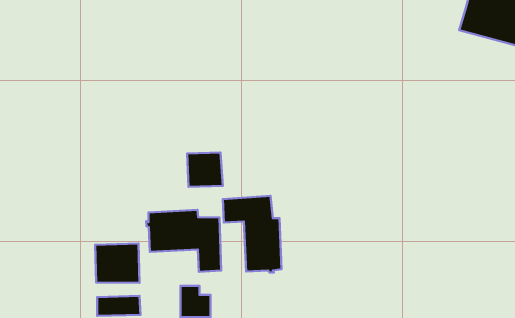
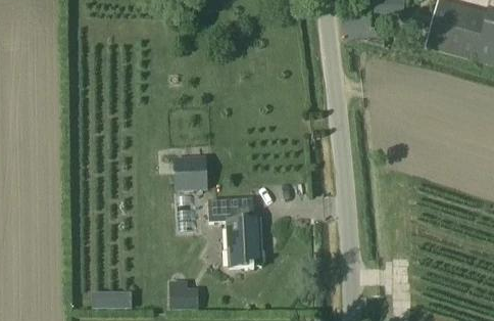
building: [146,210,221,272] -> none
building: [95,244,139,283] -> none

